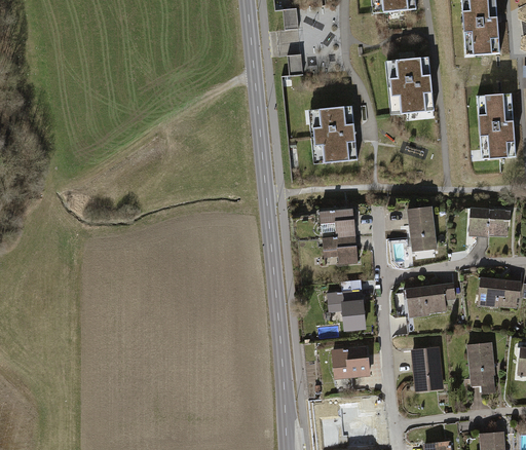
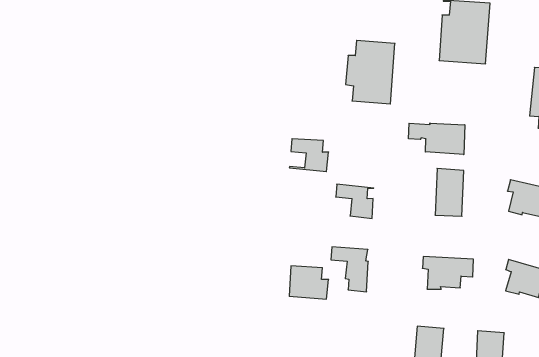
building: none -> [409,123,465,155]
building: [320,209,354,237] -> [289,139,329,172]
building: [332,347,368,377] -> [289,266,329,299]

